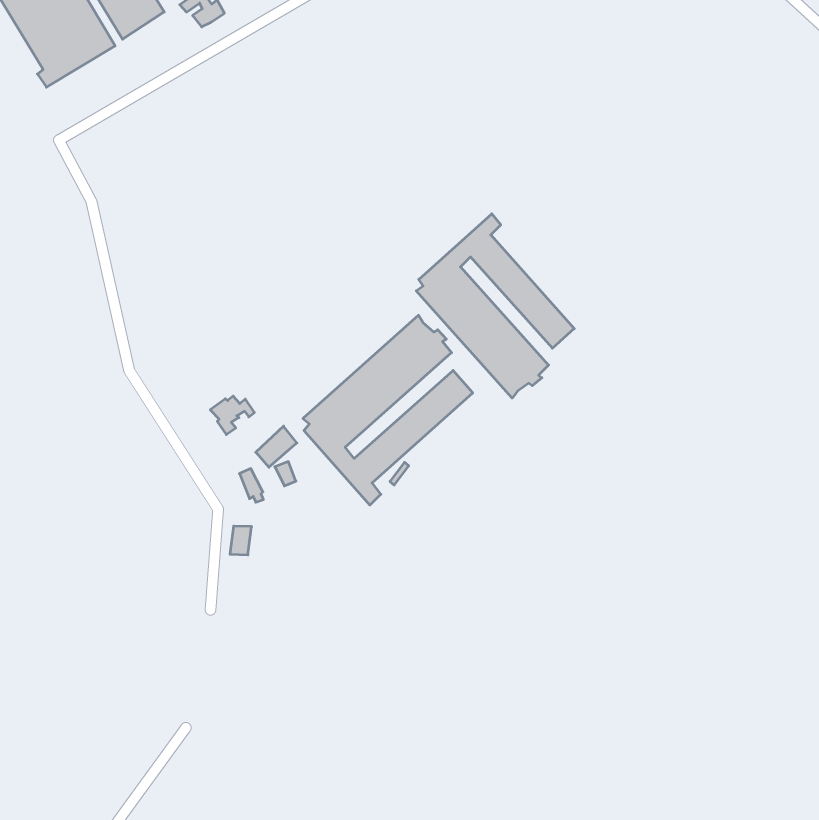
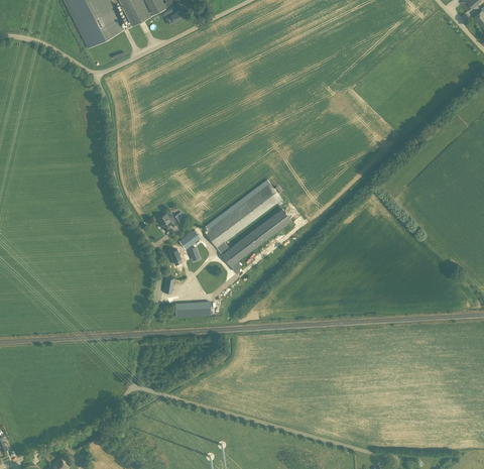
building: [416,214,574,398] -> none
building: none -> [174,302,211,317]

